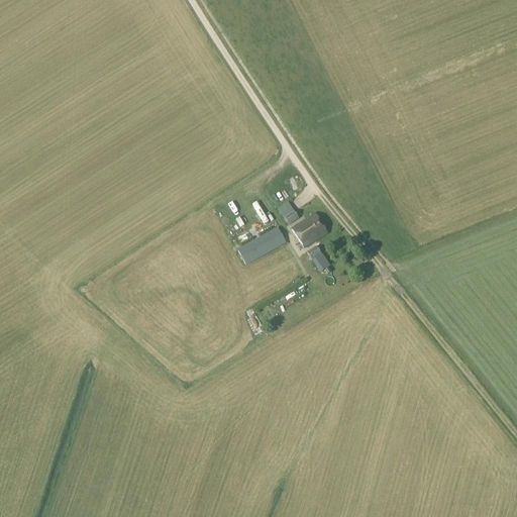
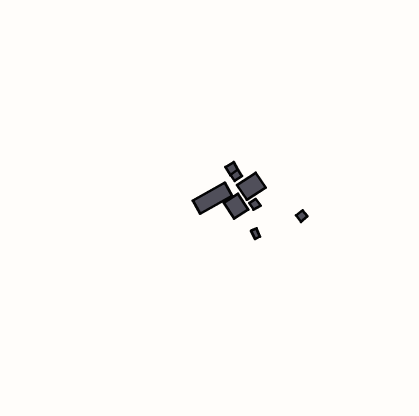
building: none -> [224,194,248,219]

